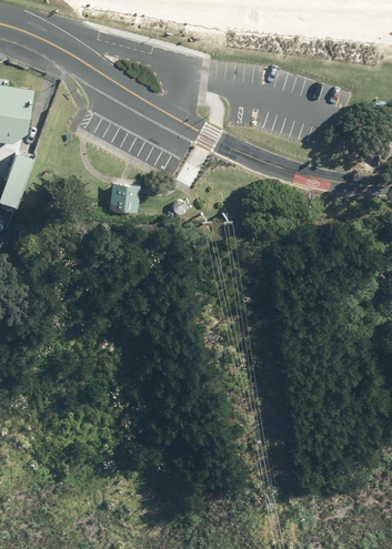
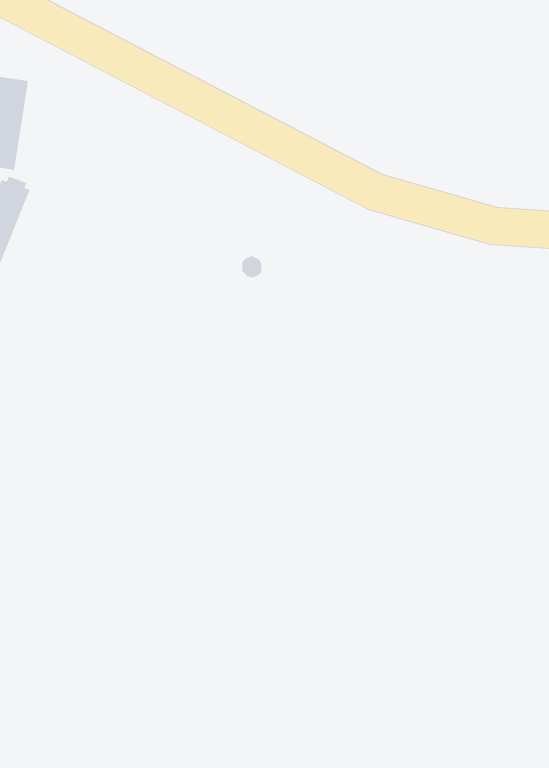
building: [108,184,141,217] -> none

